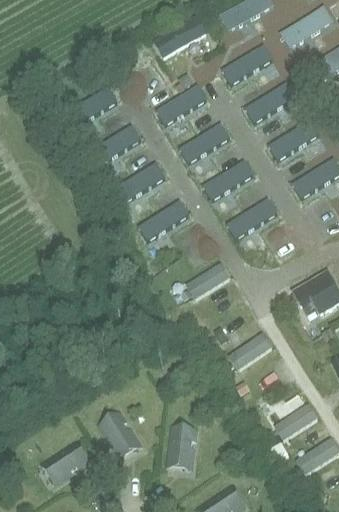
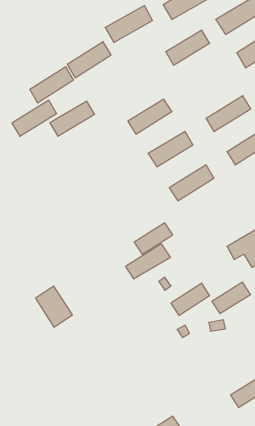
building: [244,82,295,122] -> none
building: [156,84,206,125] -> [67,42,111,78]
building: [114,162,165,203] -> [12,100,57,136]
building: [138,200,189,240] -> [126,244,170,279]
building: [274,404,318,440] -> [212,282,251,314]
building: [99,411,141,458] -> [36,286,72,327]
building: [167,426,197,468] -> none
building: [42,441,88,483] -> none

